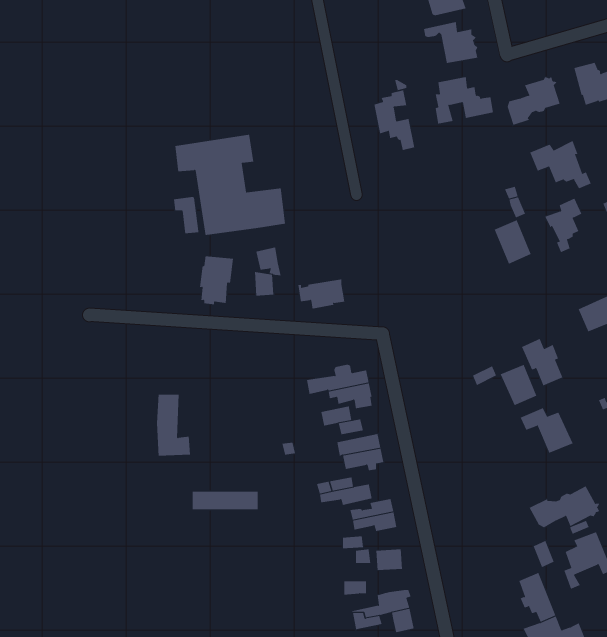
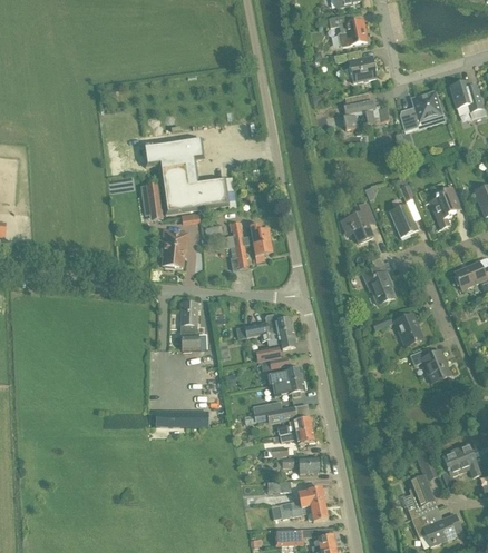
building: [374,90,415,151] -> none
building: [529,140,592,189] -> none
building: none -> [341,201,372,241]
building: none -> [230,220,270,245]
building: [521,338,563,386] -> [361,265,393,302]
building: [156,394,191,456] -> [180,300,207,348]
building: [529,486,600,528] -> none

